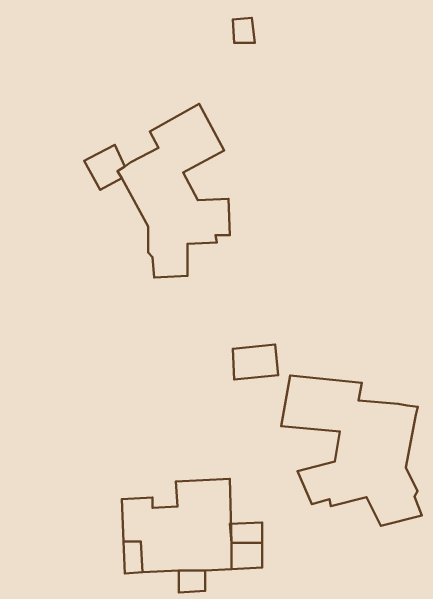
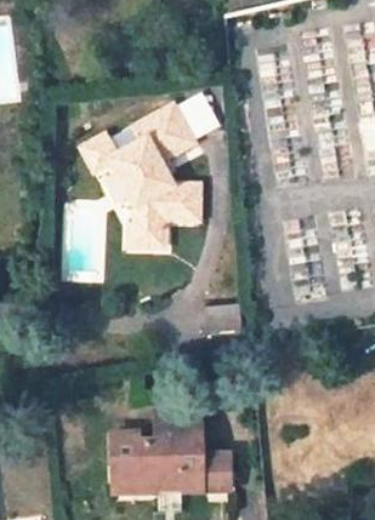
building: [281,376,422,526] -> none

